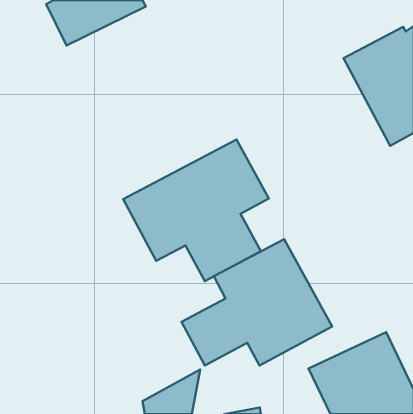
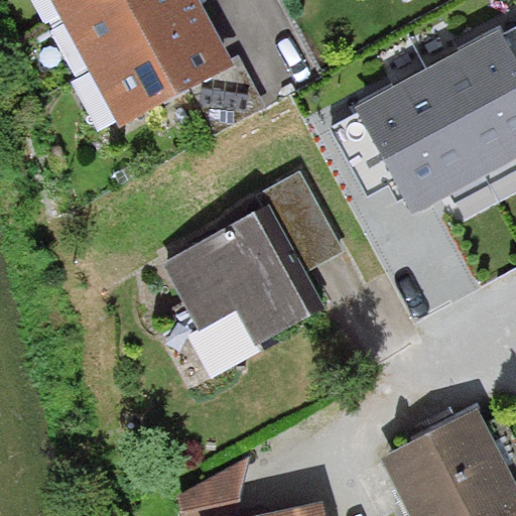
building: none -> [84,8,212,114]
building: none -> [336,73,487,219]
building: [182,239,332,365] -> none

